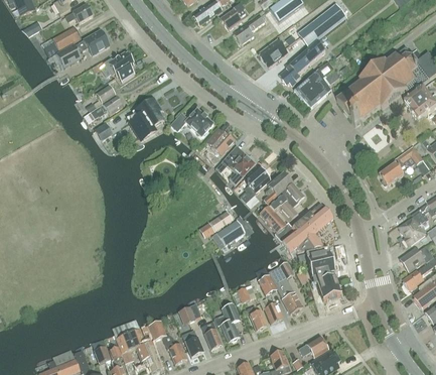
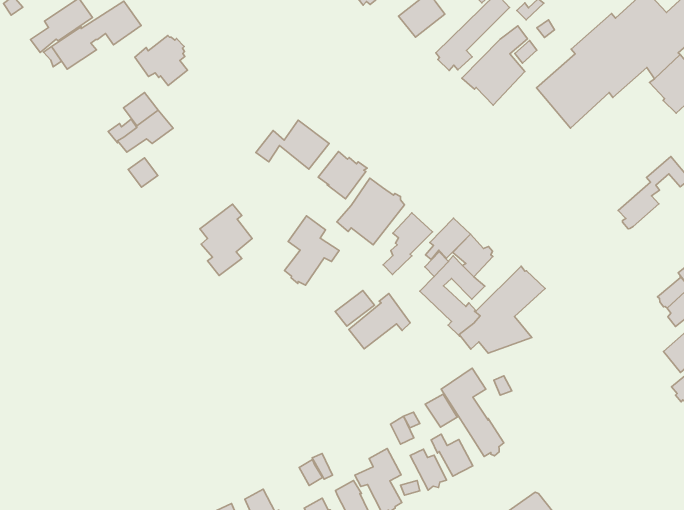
building: [132,98,162,139] -> [200,204,252,276]
building: none -> [285,216,339,285]
building: [297,247,340,299] -> none

